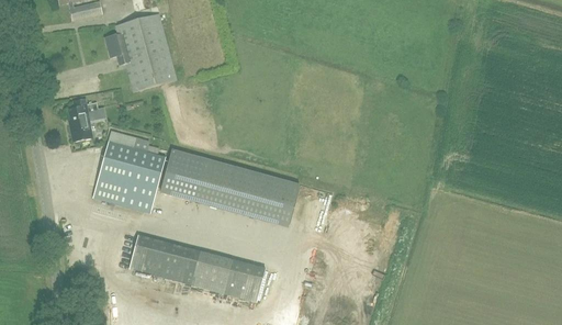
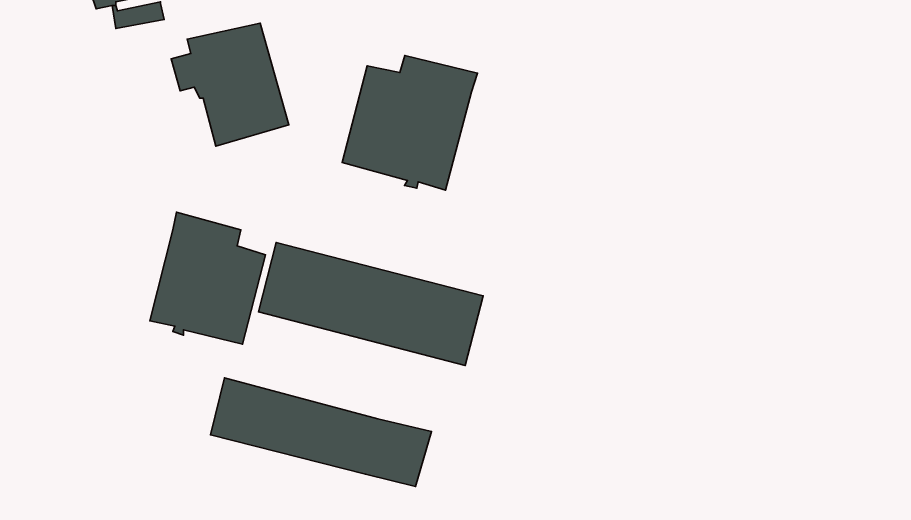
building: none -> [342,56,477,190]
building: [68,97,98,139] -> none

